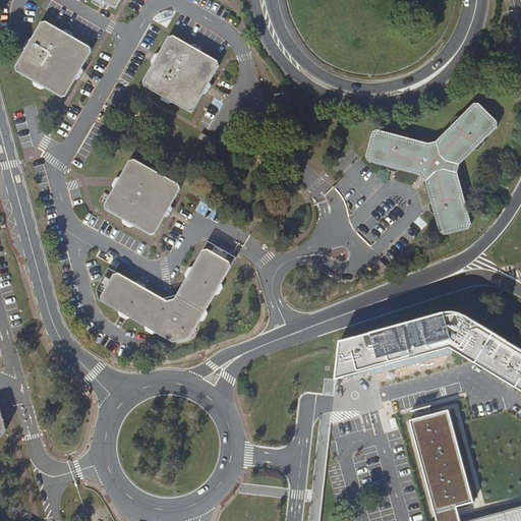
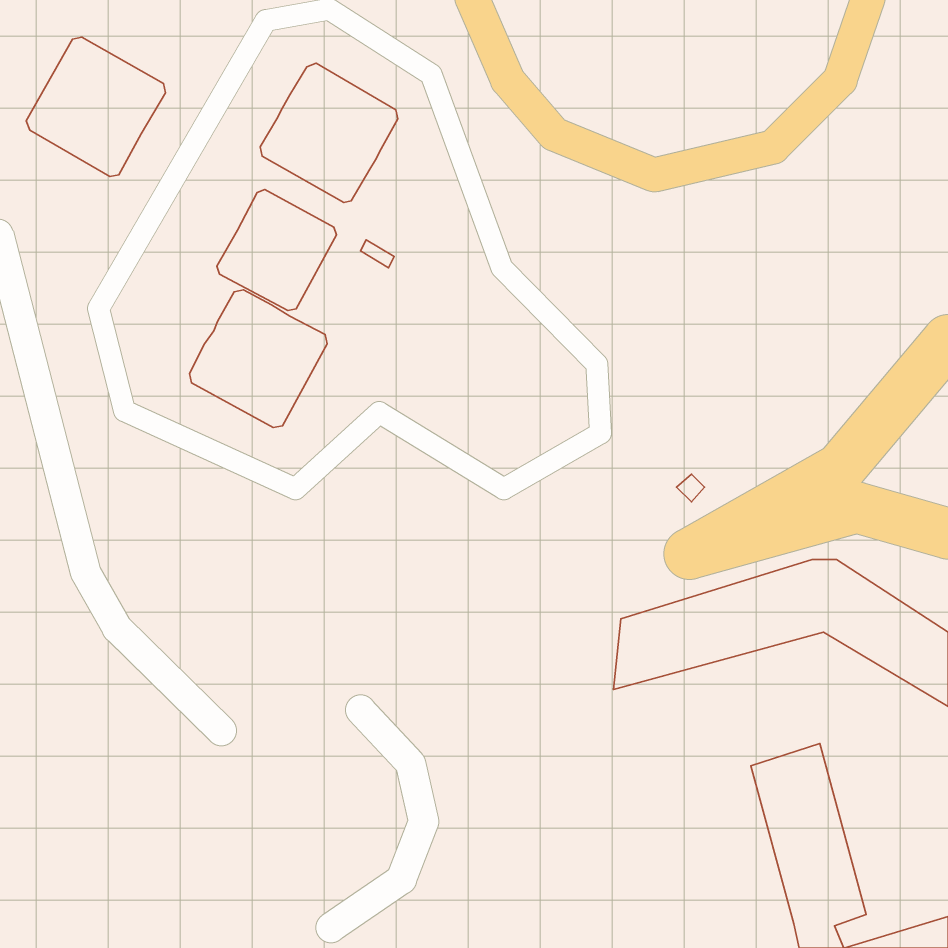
building: [365,103,497,234] -> none
building: none -> [217,189,337,310]
building: [100,248,230,342] -> none

